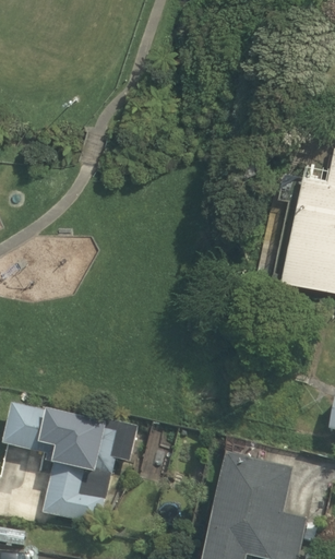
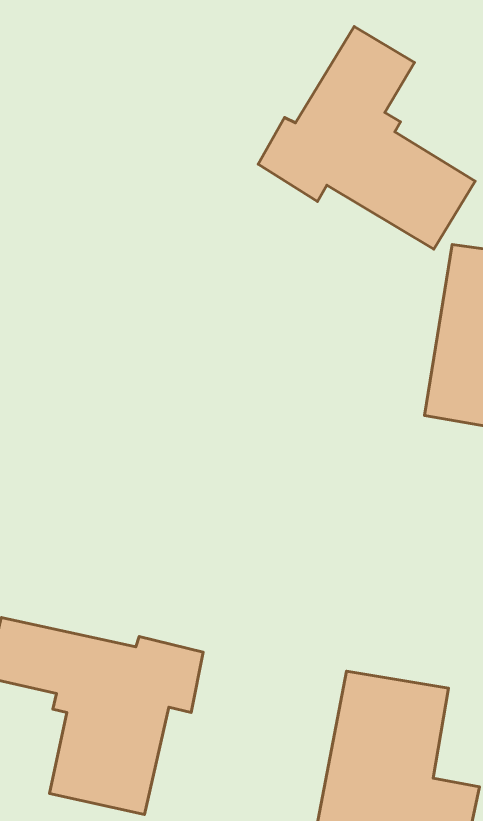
building: none -> [258,27,475,249]

